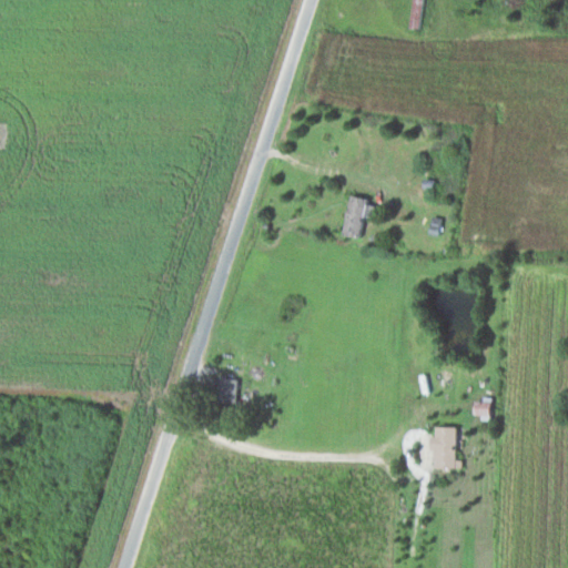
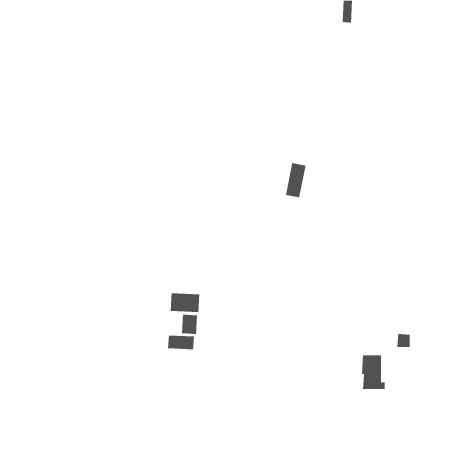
building: none -> [170,292,200,313]
building: none -> [168,335,194,350]

